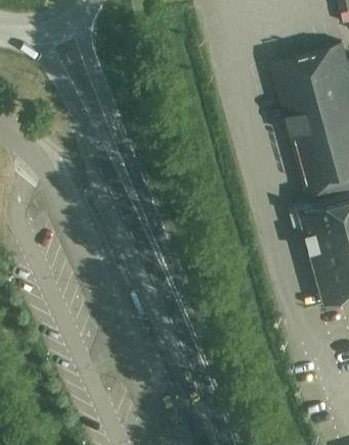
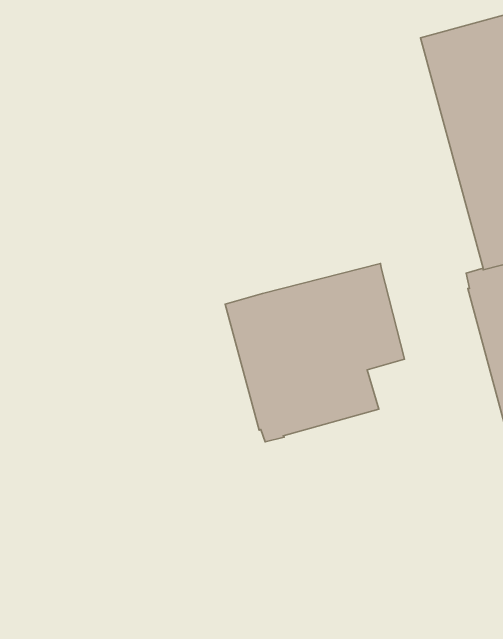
building: none -> [225,264,405,442]

